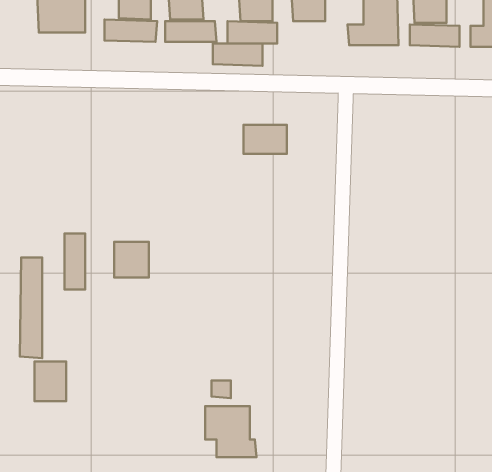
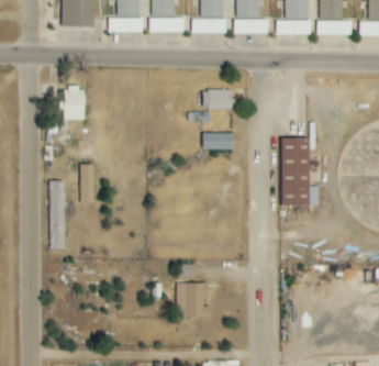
building: [213,44,262,66] -> [234,19,268,34]
building: none -> [64,86,86,120]
building: none -> [203,133,234,149]
building: none -> [281,137,319,206]
building: [114,242,149,277] -> none
building: [34,362,66,401] -> none

